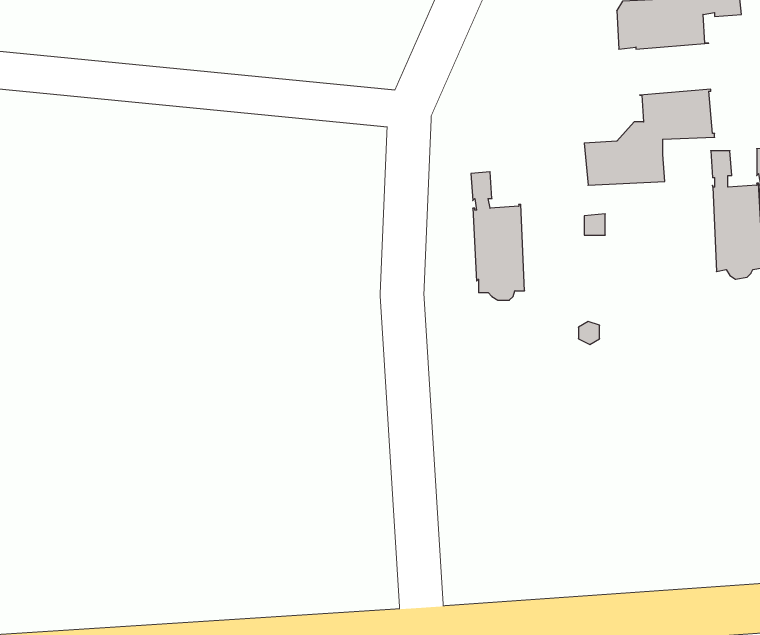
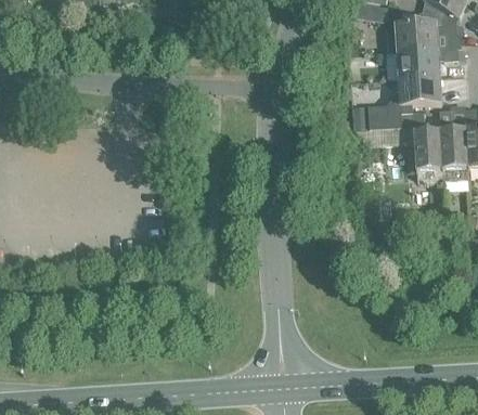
building: none -> [397,47,457,77]
building: [471,172,525,300] -> [412,109,442,182]

